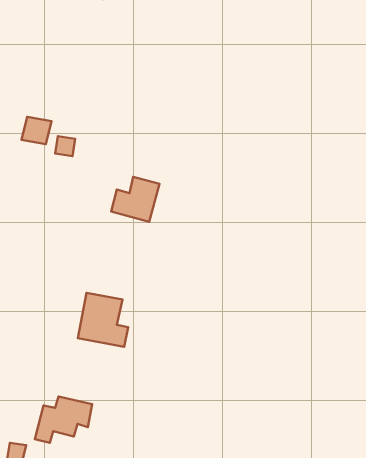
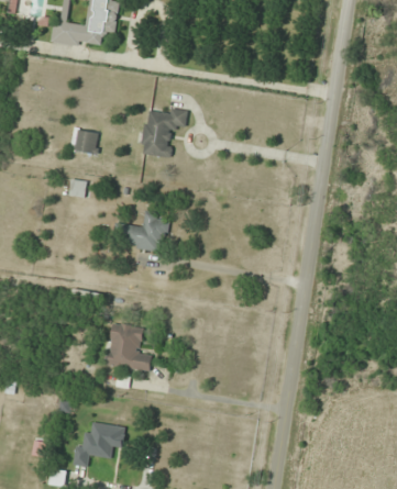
building: none -> [140,105,188,157]
building: [21,117,51,144] -> [74,129,100,153]

